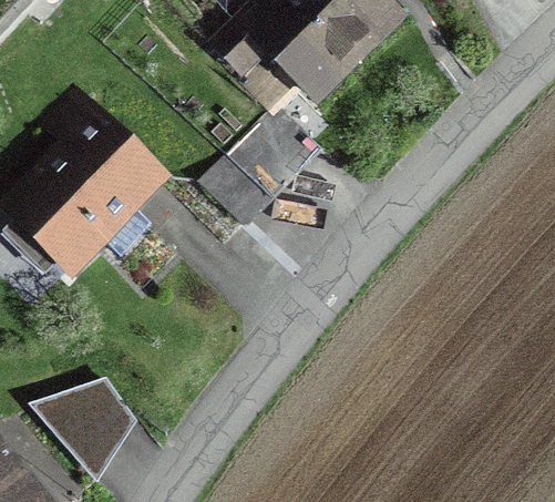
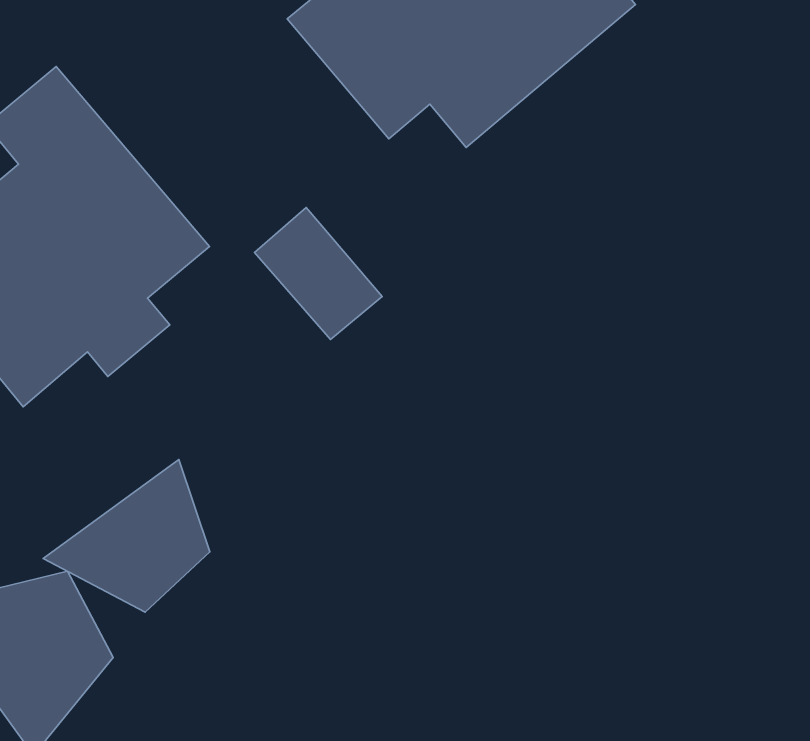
building: [228,106,326,196] -> none
building: none -> [43,460,210,612]

